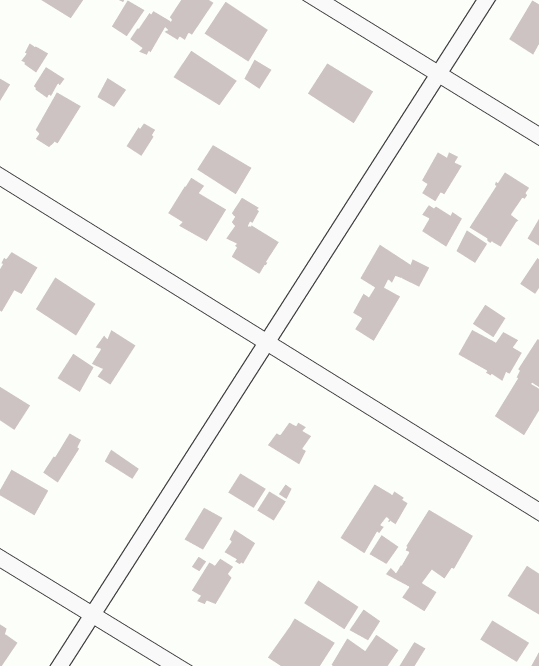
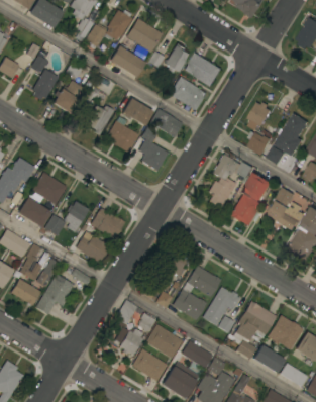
building: none -> [165,43,190,73]
building: none -> [169,77,206,111]
building: none -> [52,80,85,114]
building: none -> [86,105,114,135]
building: none -> [149,108,183,137]
building: none -> [230,172,272,225]
building: none -> [17,197,50,227]
building: none -> [90,208,125,239]
building: none -> [76,231,110,267]
building: none -> [20,243,41,280]
building: none -> [173,266,221,320]
building: none -> [35,274,74,314]
building: none -> [268,315,303,350]
building: none -> [145,324,183,359]
building: none -> [253,344,285,373]
building: none -> [131,347,169,382]

